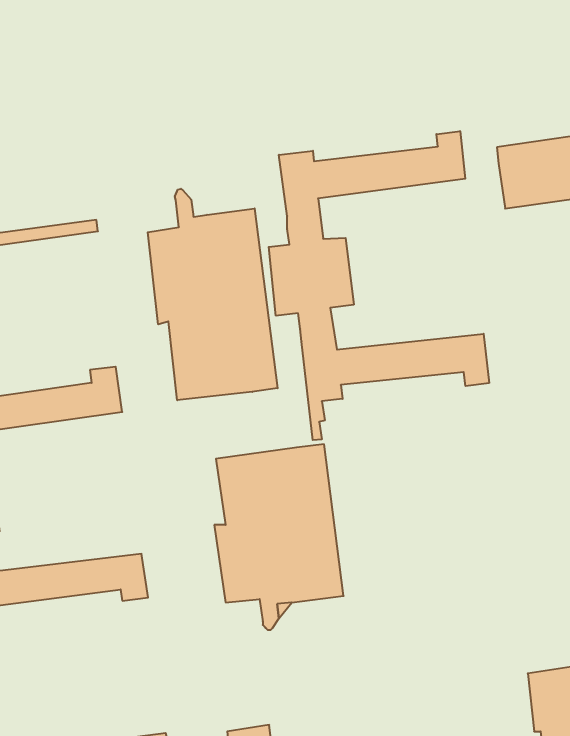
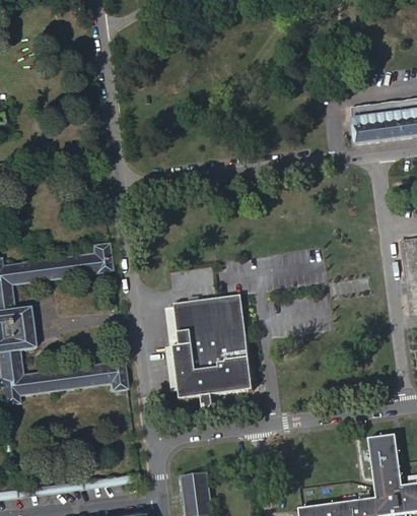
building: [269,131,489,440] -> none
building: [148,189,278,400] -> none

